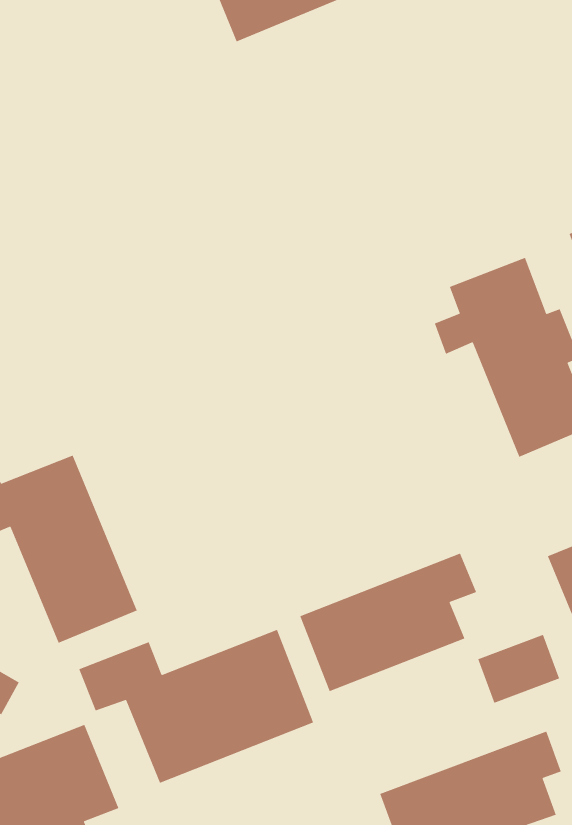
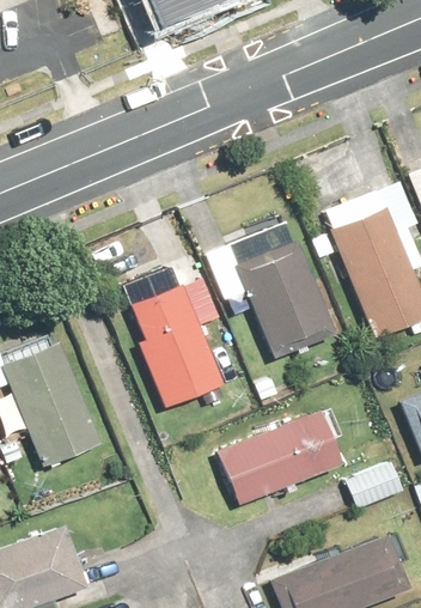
building: none -> [237,242,335,354]
building: none -> [124,261,225,408]
building: [78,629,314,784] -> none

